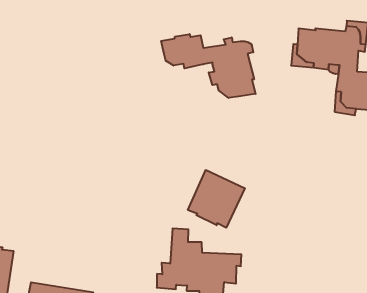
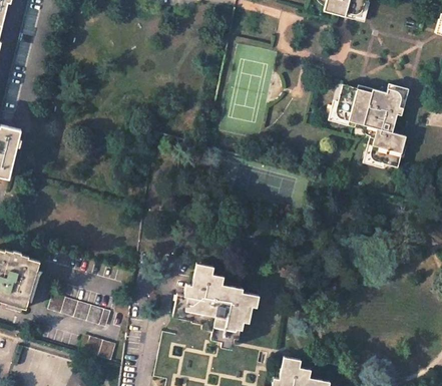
building: [161,34,256,98] -> none
building: [188,170,245,228] -> none

